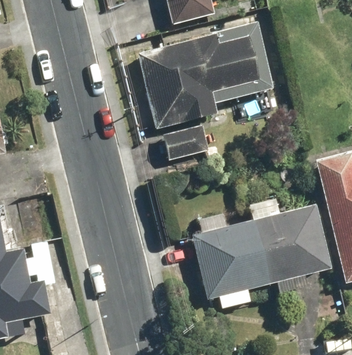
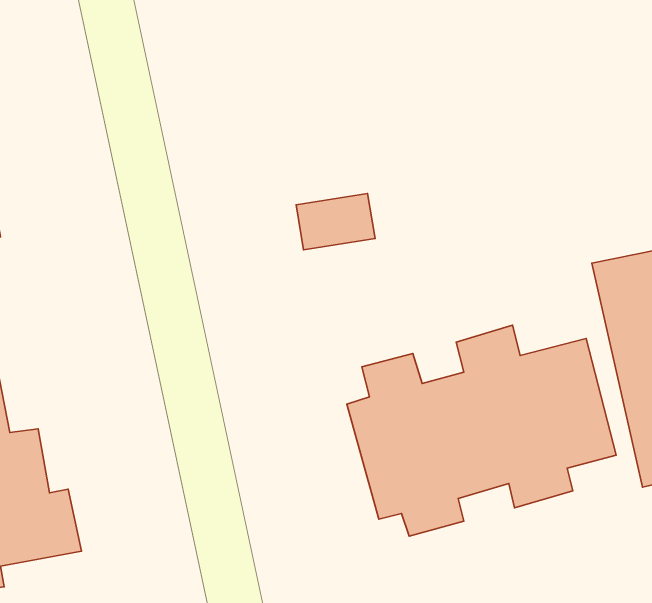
building: [144,36,261,123] -> none

